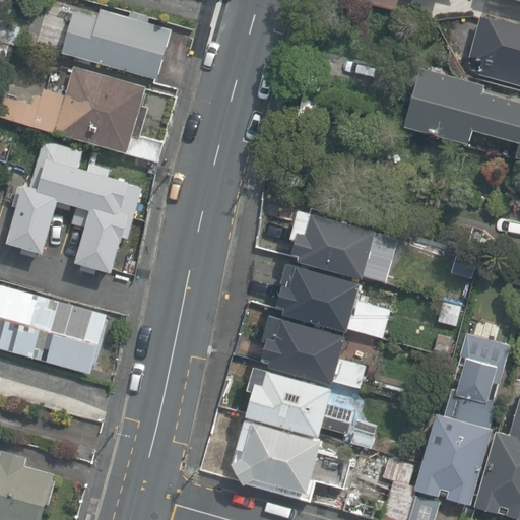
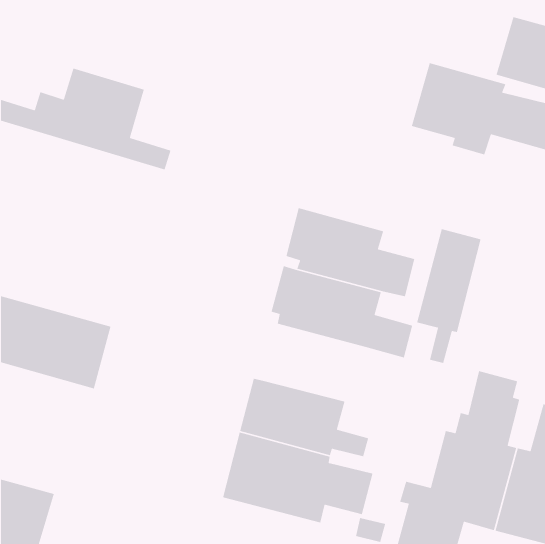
building: [66,15,174,83] -> none
building: [9,139,133,271] -> none
building: none -> [416,228,482,364]
building: [245,309,359,390] -> none

